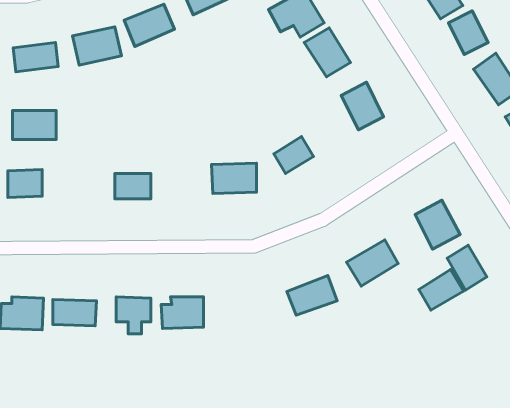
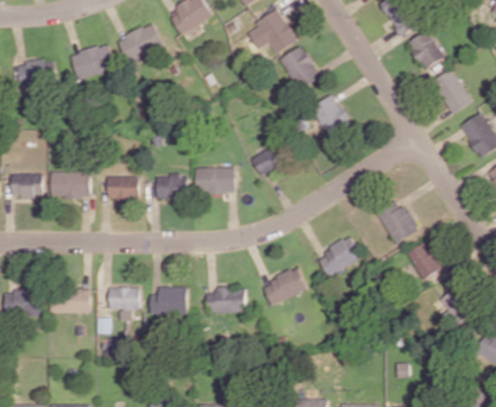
building: [13,110,56,140] -> [50,171,89,198]
building: none -> [156,175,187,199]
building: [419,270,463,310] -> none
building: none -> [206,288,245,312]

